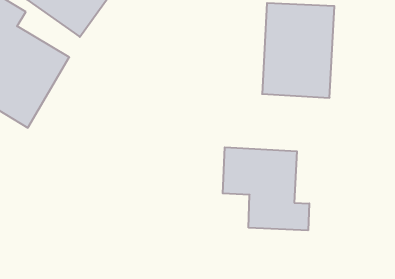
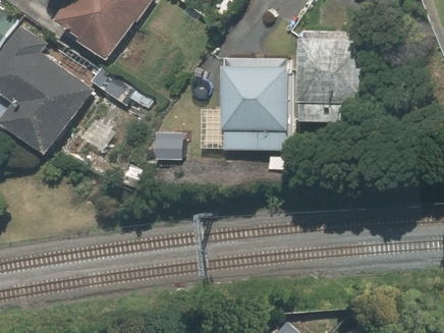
building: none -> [199,60,292,151]
building: [223,147,309,230] -> none

